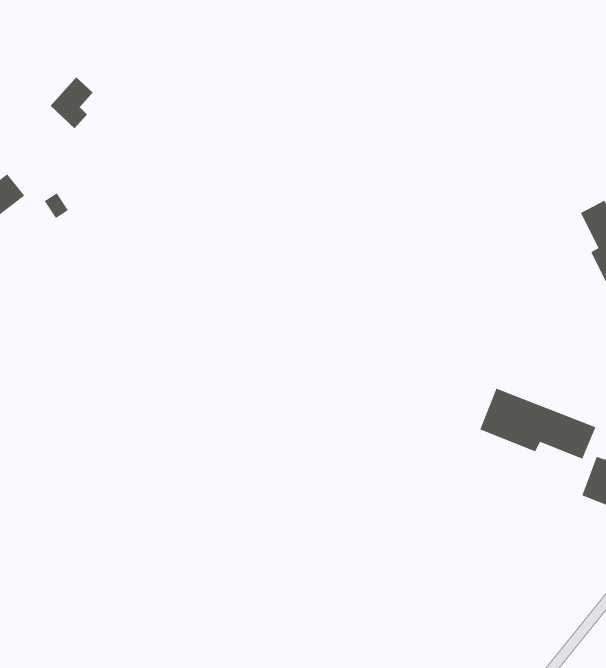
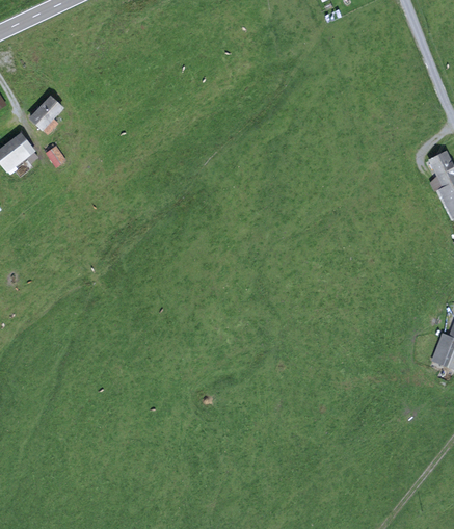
building: [50,77,94,129] -> [30,96,61,133]
building: [479,388,596,459] -> none

